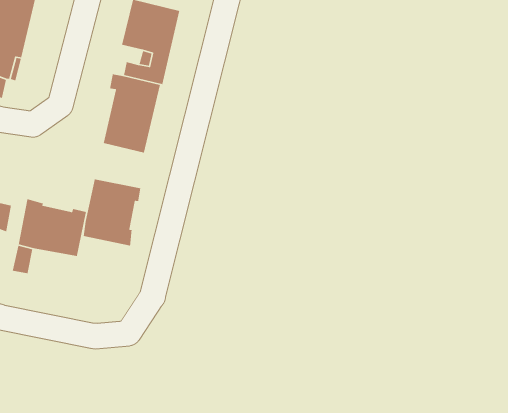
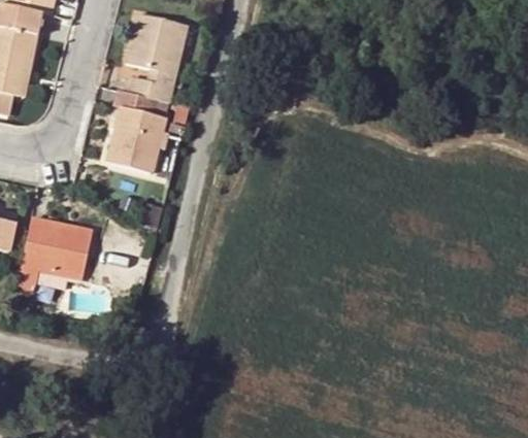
building: [83,178,141,246] -> none

